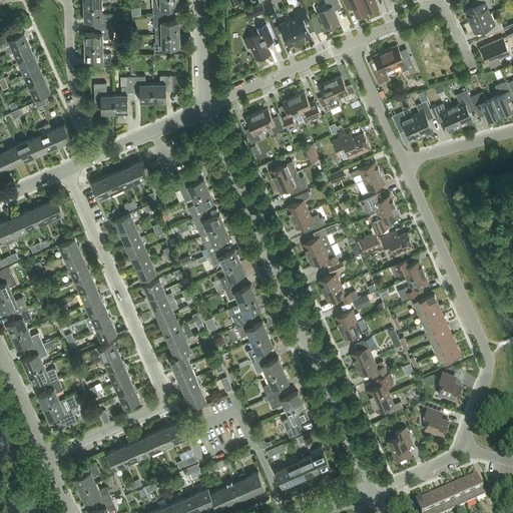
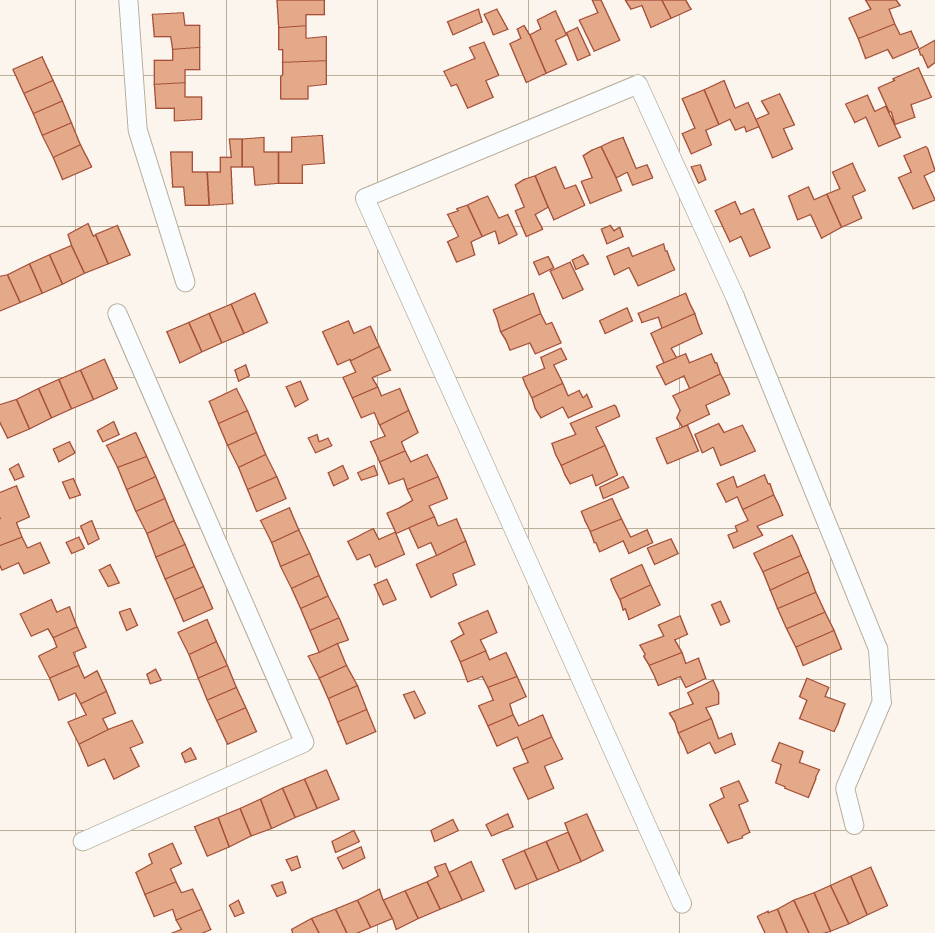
building: [469,93,499,121] -> [846,95,901,146]
building: [412,102,433,137] -> [756,94,794,158]
building: [6,310,32,338] -> none
building: [235,322,267,343] -> [348,529,405,567]

